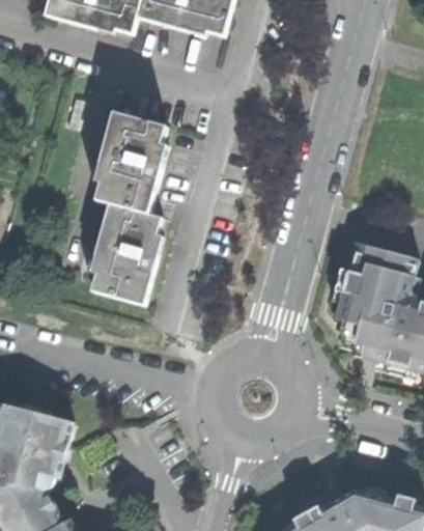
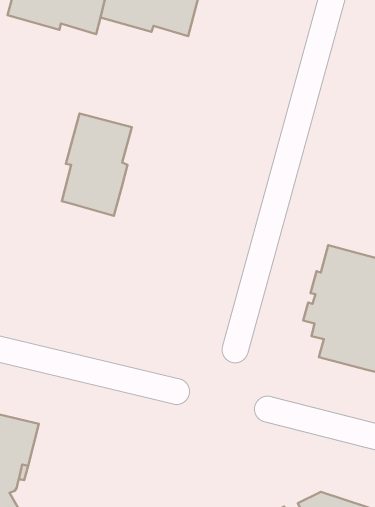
building: [91,203,160,305] -> none

